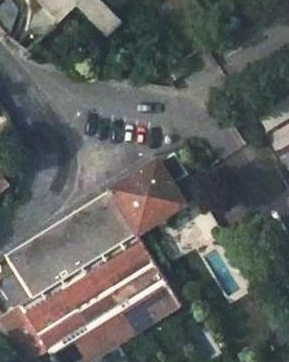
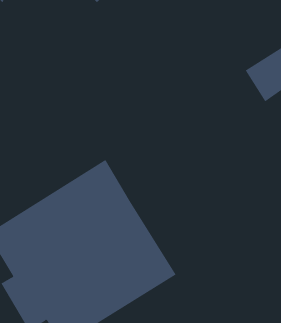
building: [111,148,191,232] -> none

